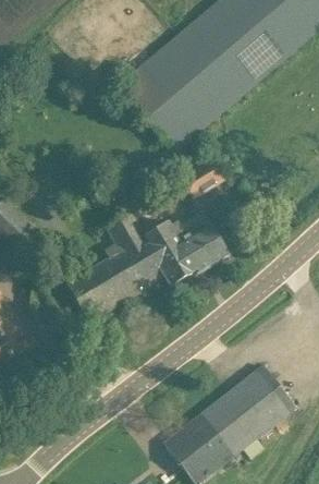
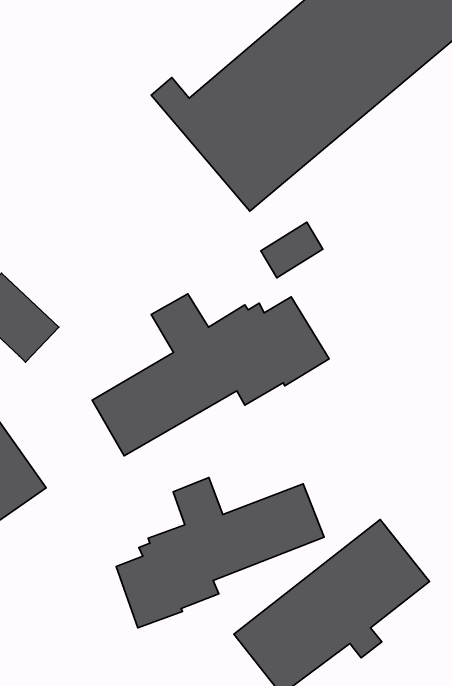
building: none -> [116,477,324,628]

